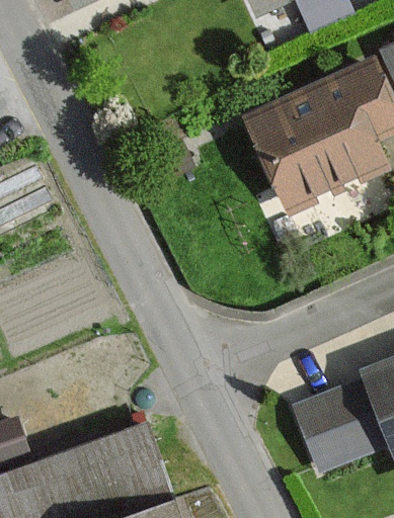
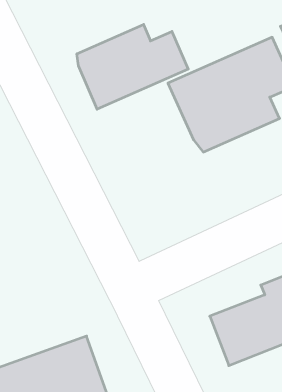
building: none -> [77,24,188,109]

